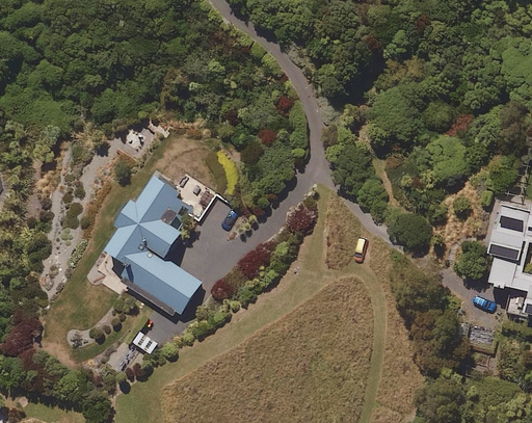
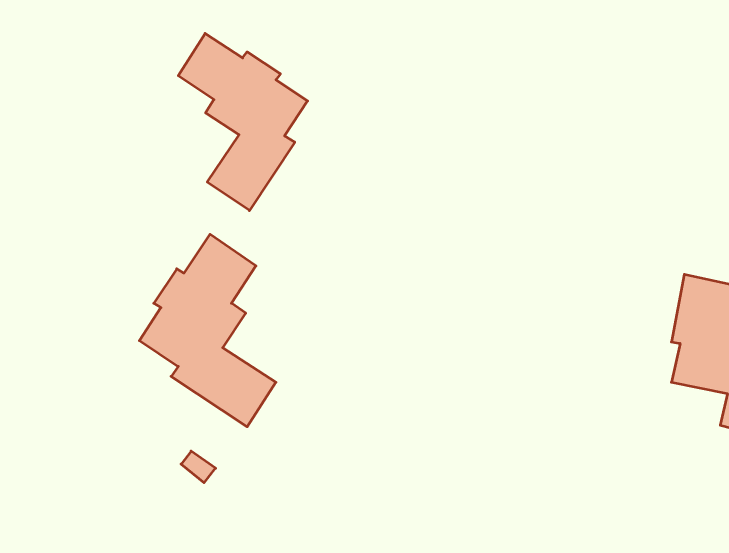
building: none -> [178,33,308,211]

